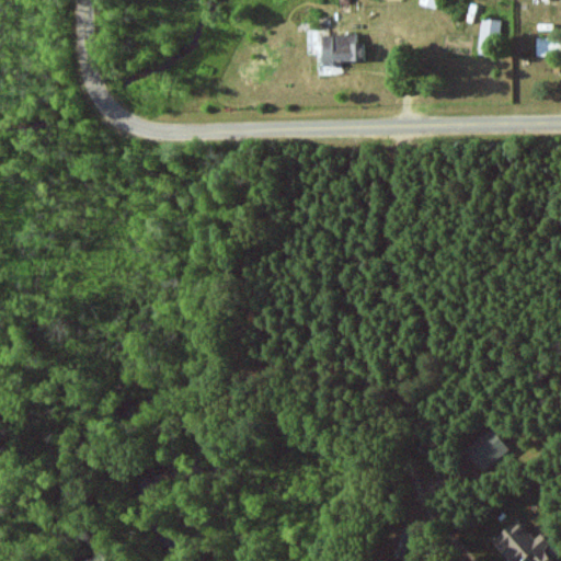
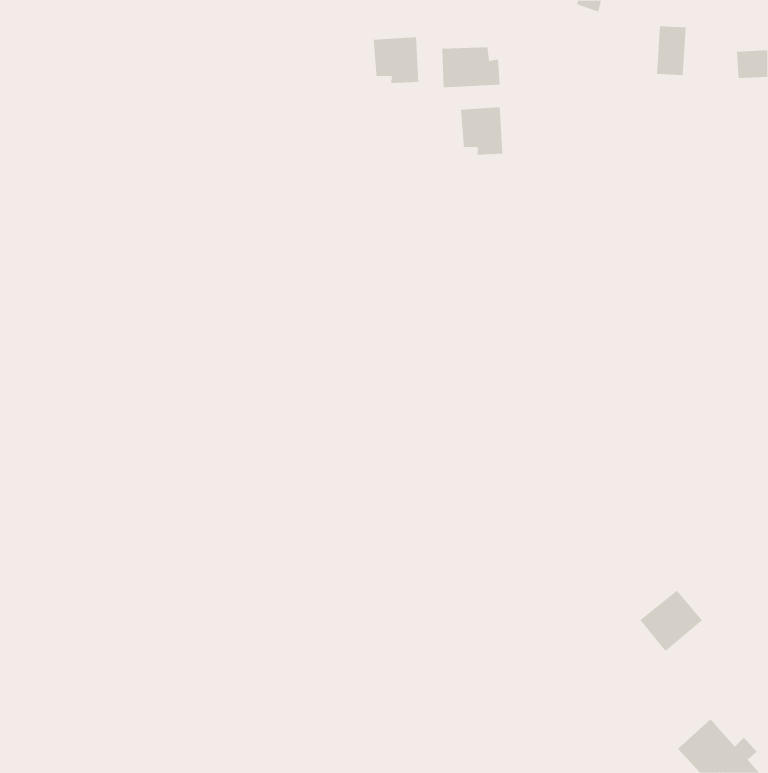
building: none -> [373,37,419,84]
building: none -> [461,107,503,155]

